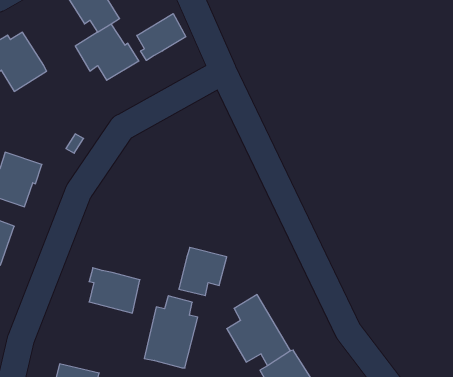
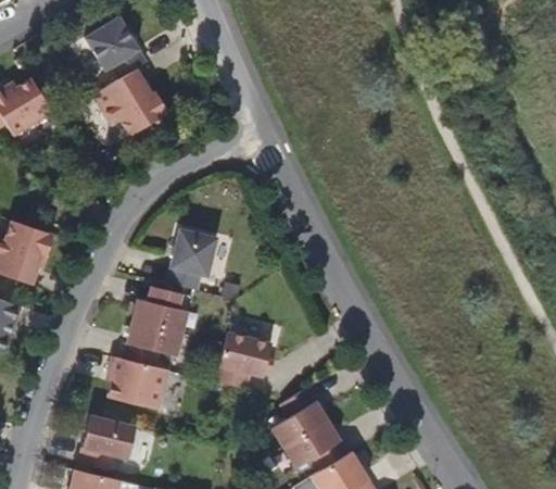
building: [137,14,186,60] -> none
building: none -> [168,228,216,289]
building: [144,296,198,368] -> [125,285,188,369]
building: none -> [79,414,138,469]

